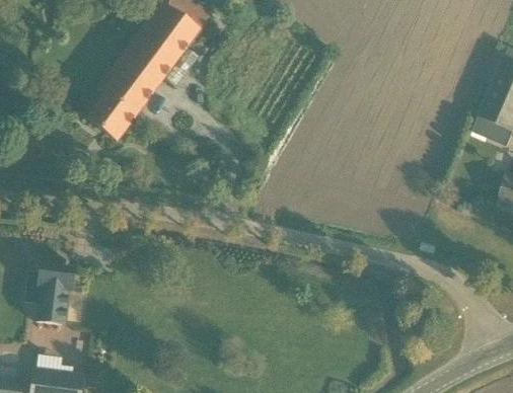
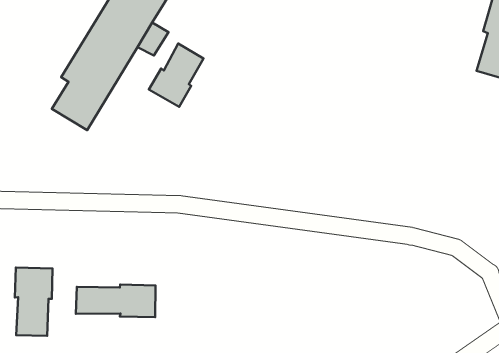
building: none -> [149,44,203,107]
building: none -> [76,285,155,317]

